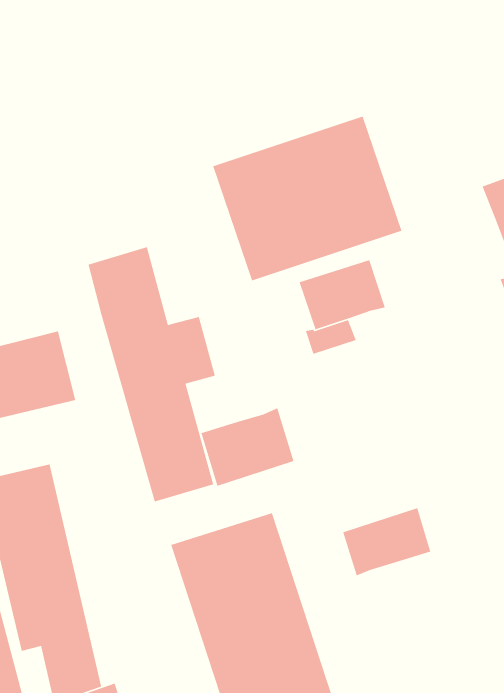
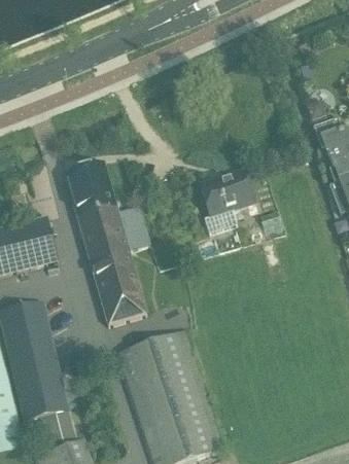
building: [212,116,403,281] -> none
building: [200,407,295,487] -> none
building: [342,507,432,576] -> none

